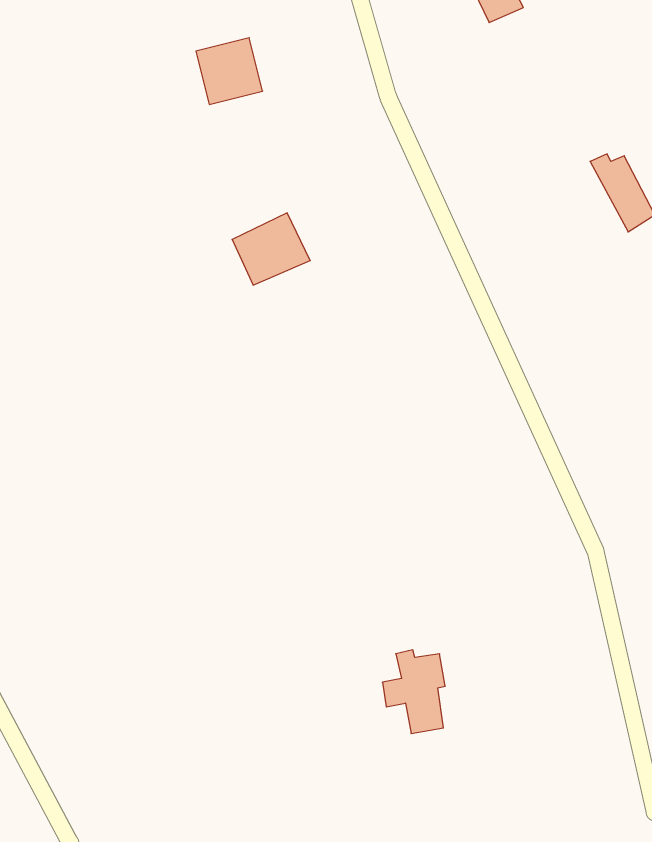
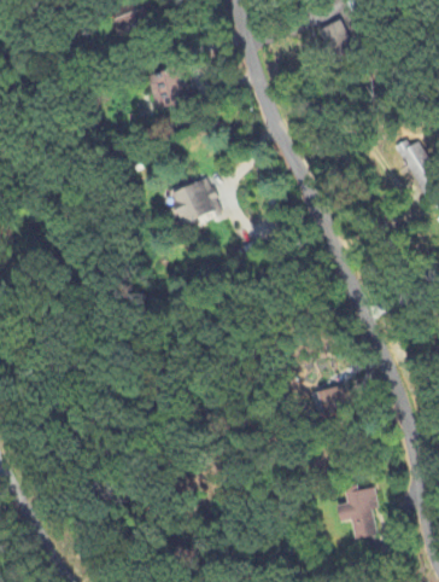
building: none -> [314,385,344,412]
building: [382,650,445,734] -> [333,485,373,539]

